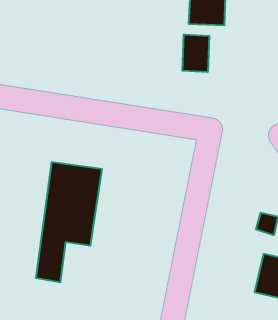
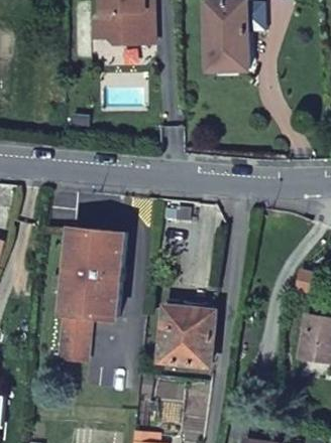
building: [182,34,209,72] -> none
building: none -> [158,307,214,363]

